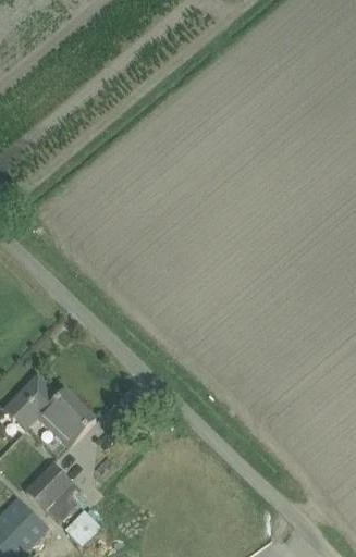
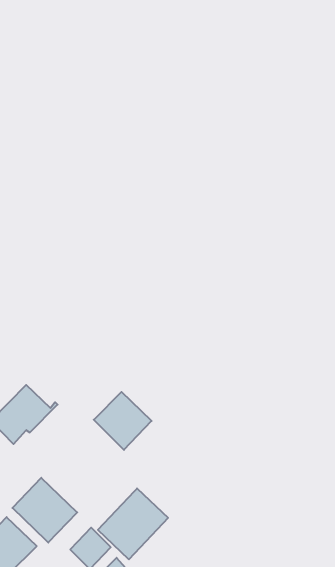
building: [40,393,95,447] -> [94,392,152,450]
building: none -> [98,488,168,559]

